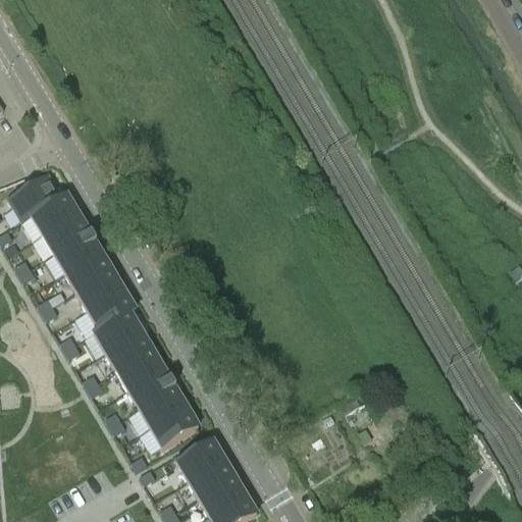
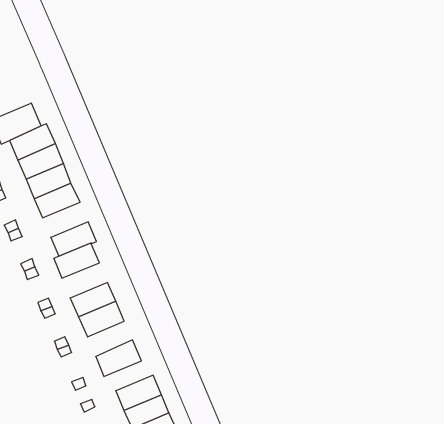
building: [76,269,124,310] -> none
building: [105,329,153,370] -> none
building: [140,386,187,427] -> none

